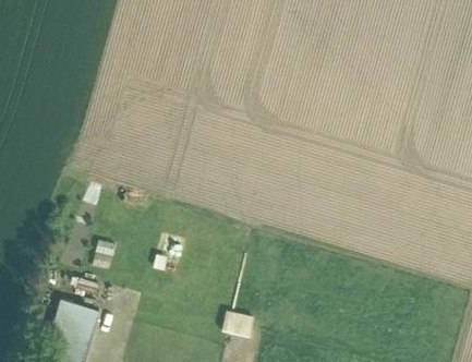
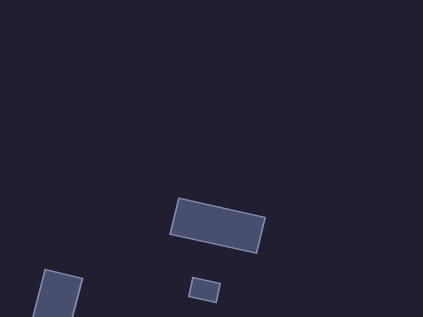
building: none -> [170,198,265,253]

